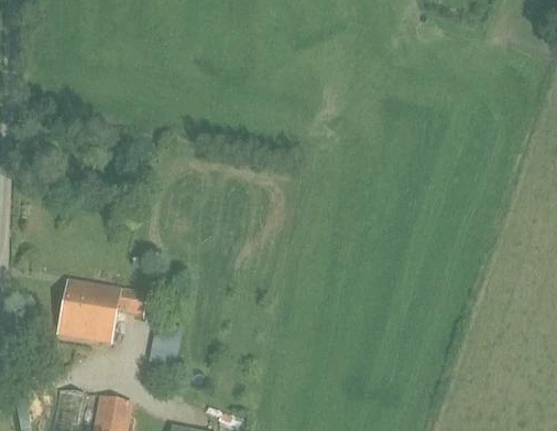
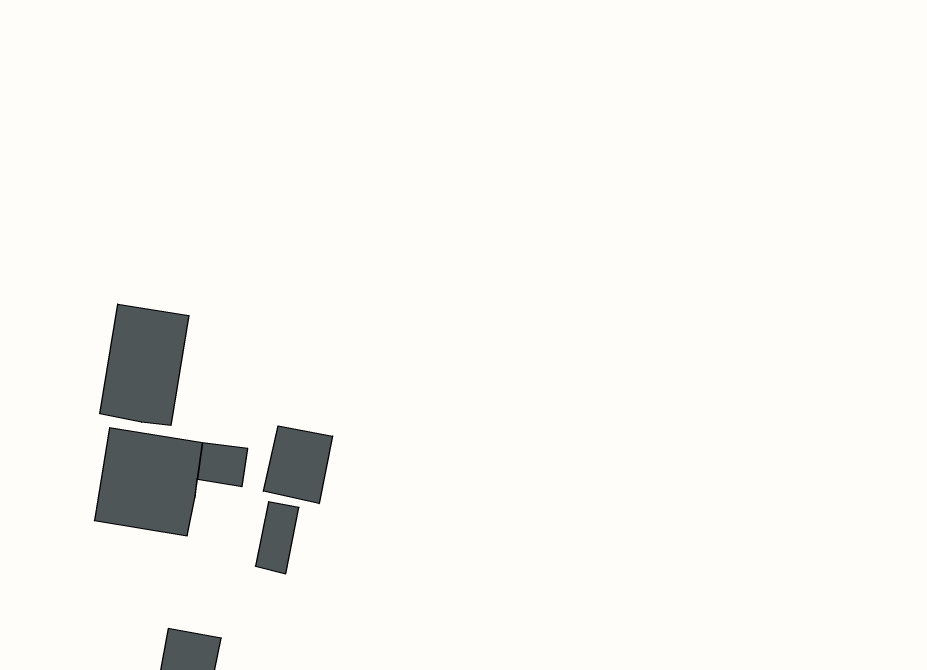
building: none -> [100,304,189,425]
building: none -> [263,426,333,504]

